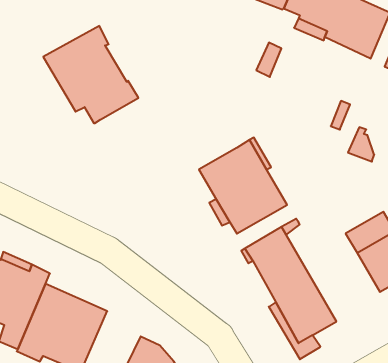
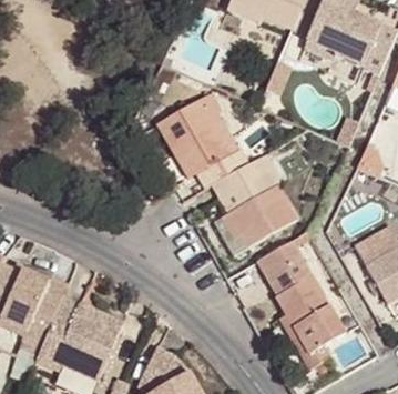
building: [43,26,138,123] -> [157,93,249,188]

